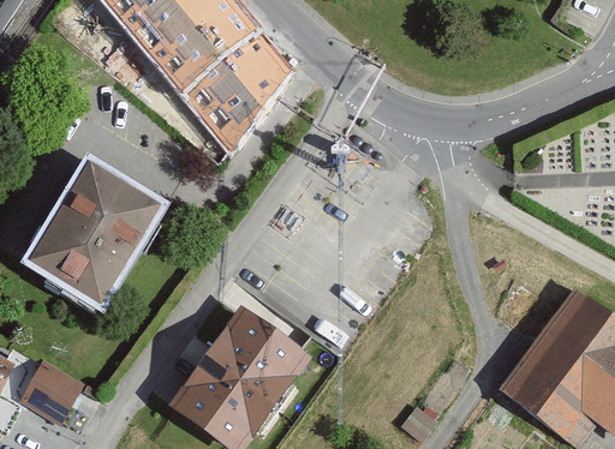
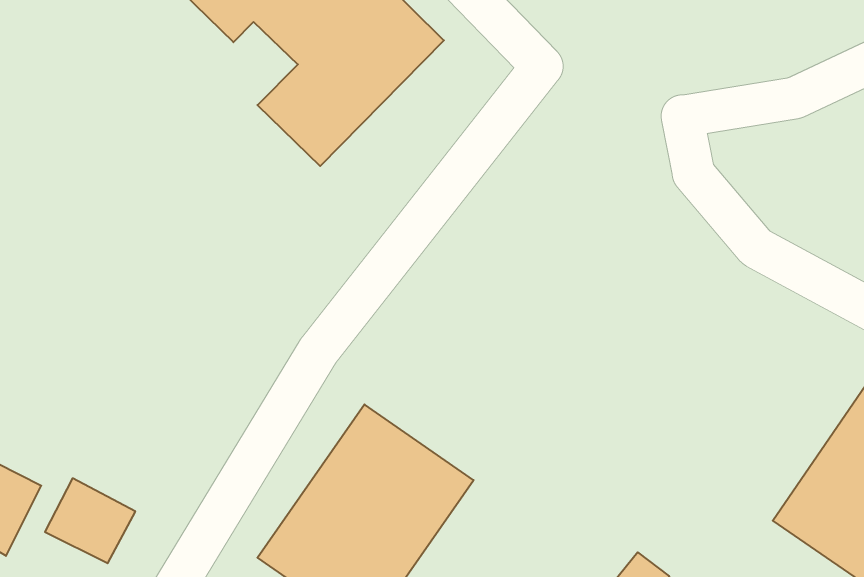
building: [26,161,161,307] -> none

